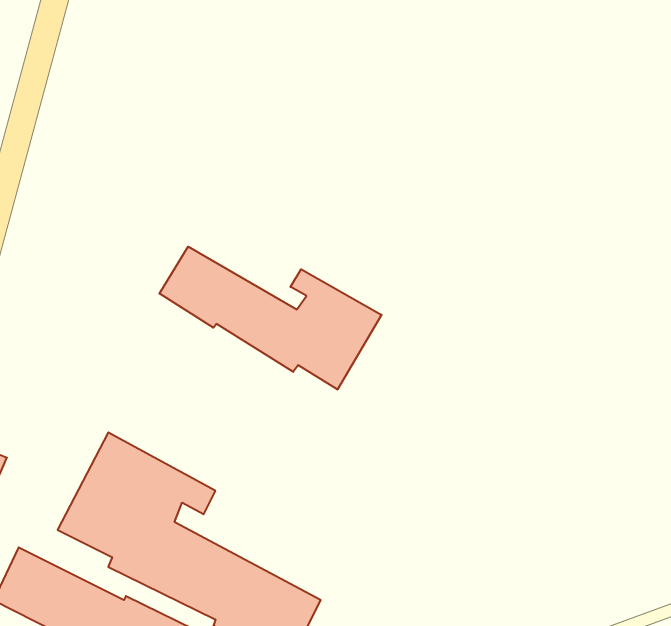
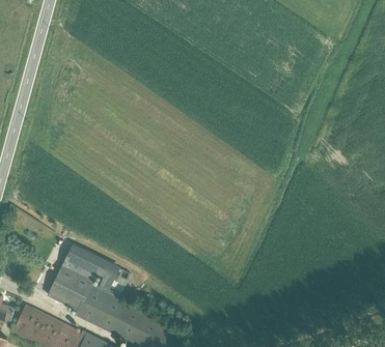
building: [159,247,382,390] -> none

